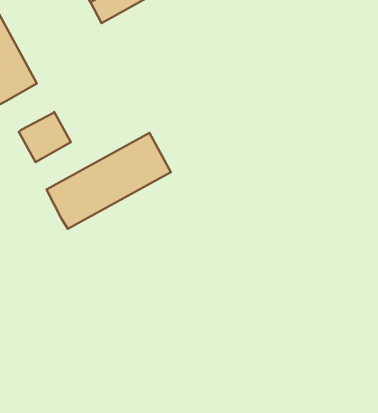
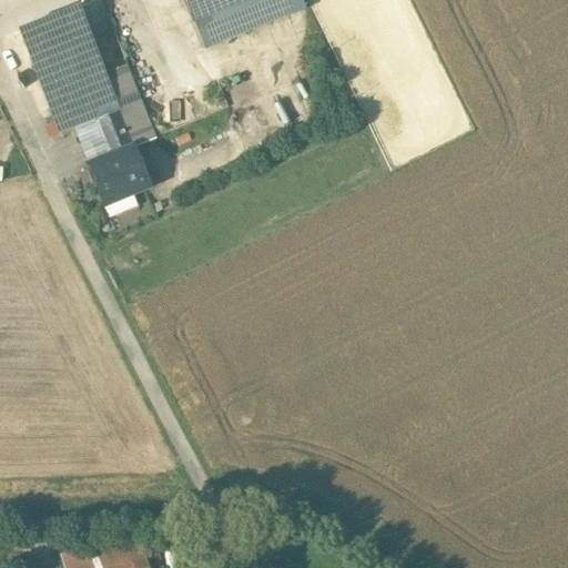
building: none -> [78,61,152,161]
building: [46,133,171,229] -> none

